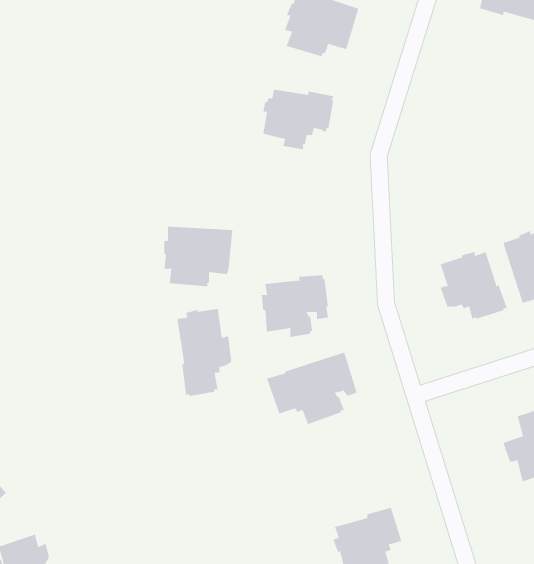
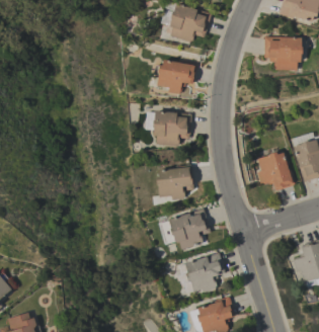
building: none -> [263,36,302,70]
building: [163,226,233,287] -> [152,111,191,146]
building: [177,308,232,397] -> none
building: none -> [184,252,225,293]

